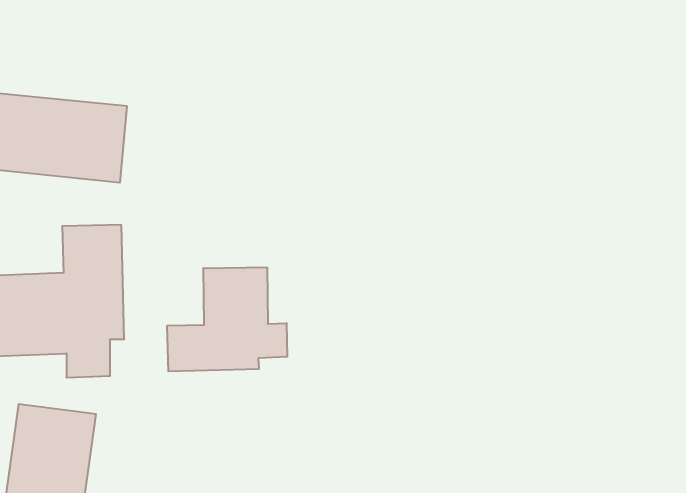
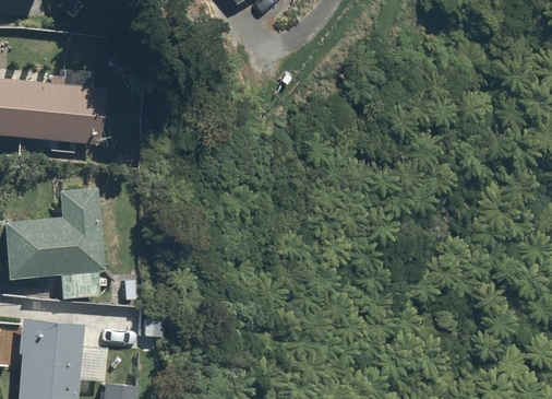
building: [167,267,287,371] -> none

